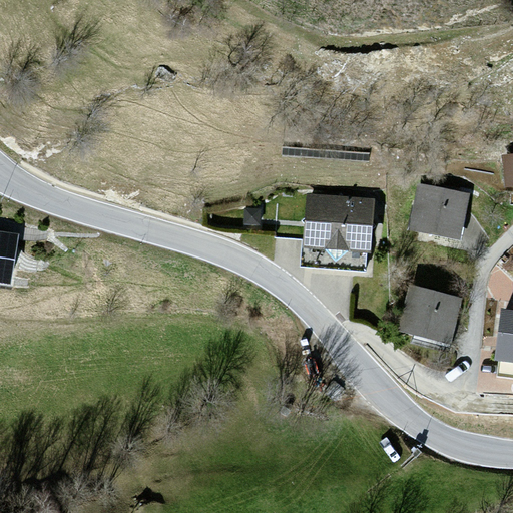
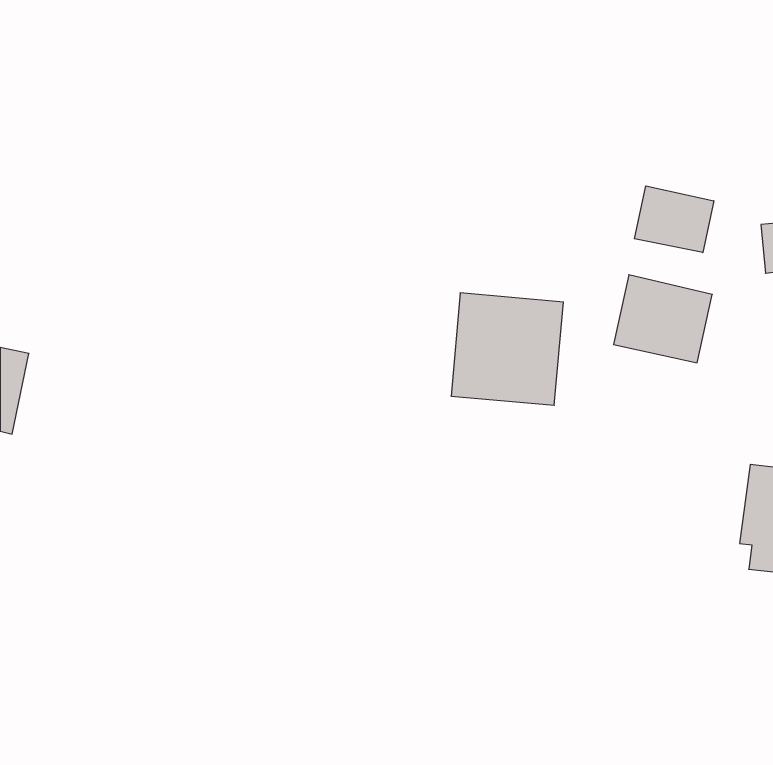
building: none -> [634,186,714,253]
building: [404,282,463,340] -> none

